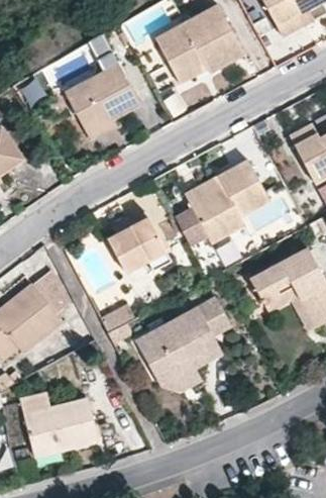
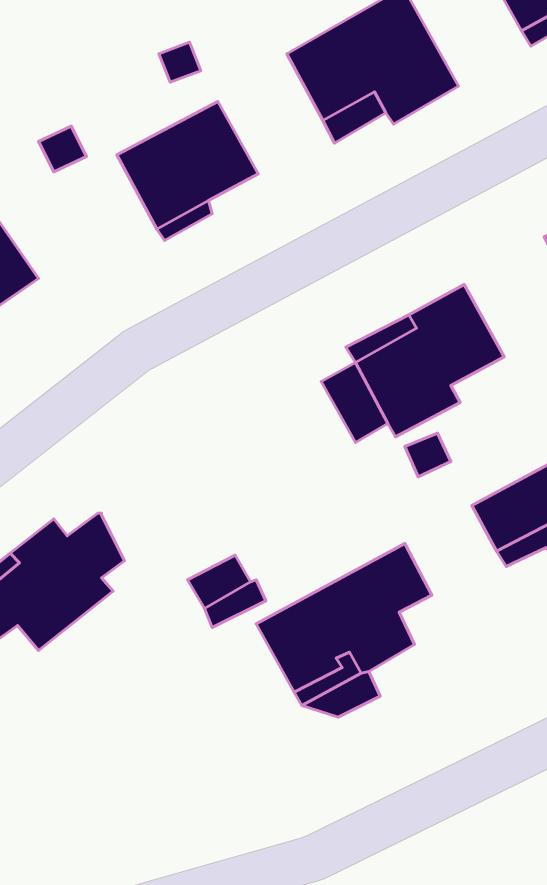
building: [108,213,171,288] -> none
building: [17,394,95,446] -> none

